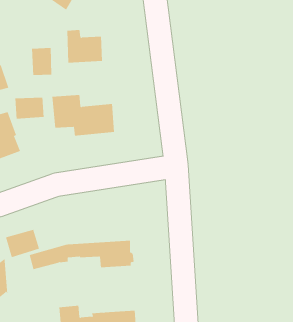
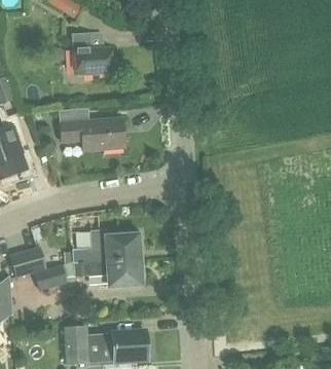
building: [31,47,52,76] -> none
building: [15,97,44,120] -> none
building: none -> [72,230,141,262]

